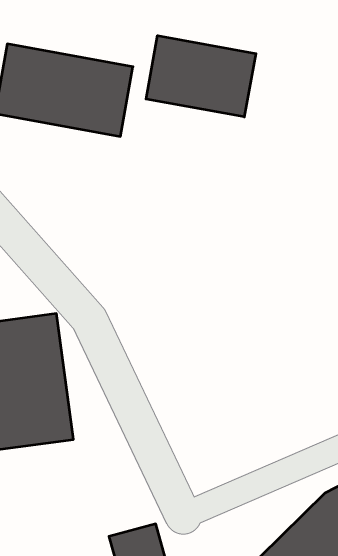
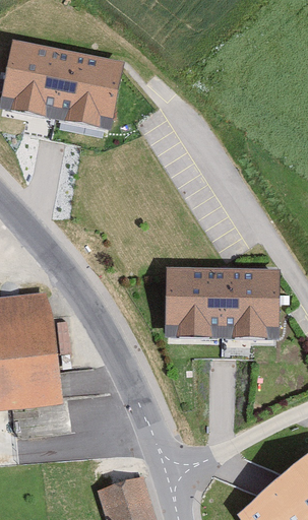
building: [146,36,256,117] -> none
building: none -> [164,273,279,344]

